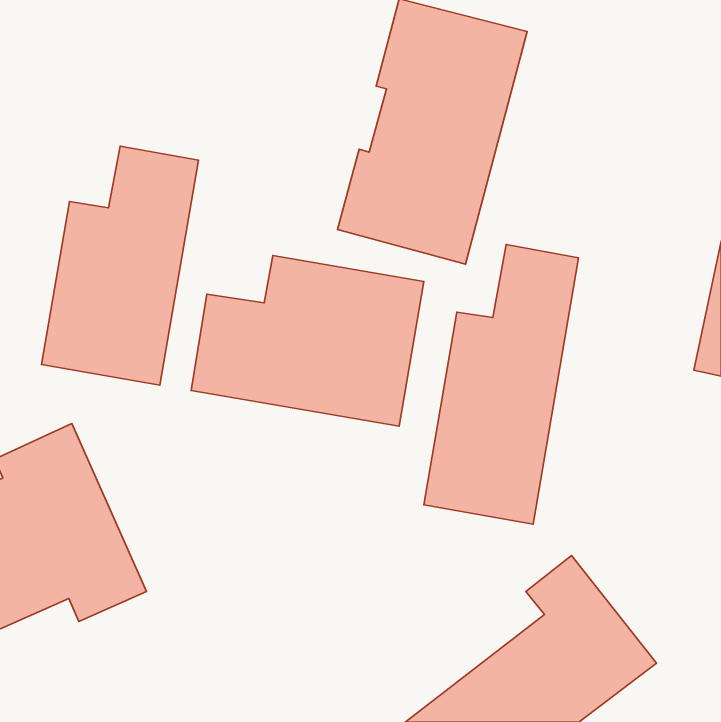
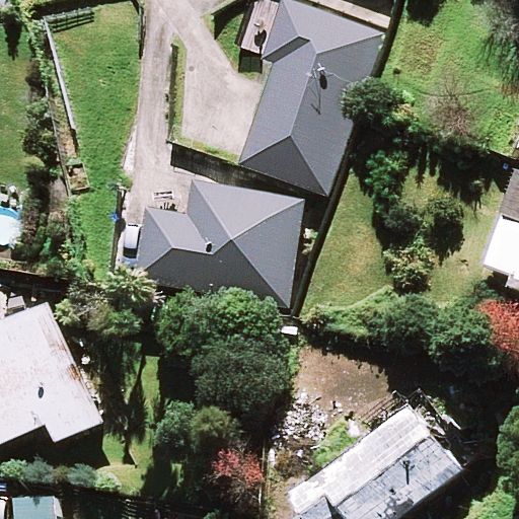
building: [42,146,198,385] -> none
building: [424,245,579,524] -> none

